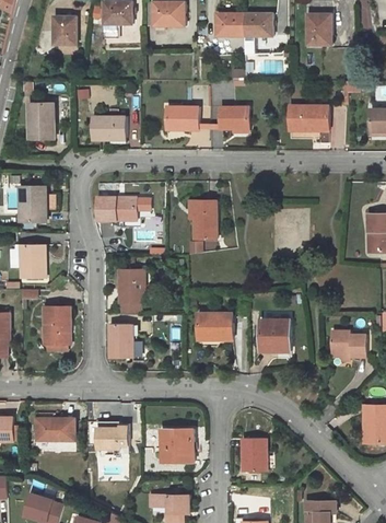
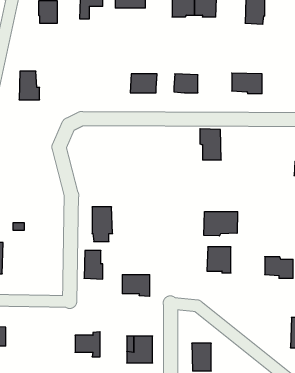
building: [91,116,126,142] -> none
building: [19,185,46,221] -> none
building: [95,196,134,219] -> none
building: [189,199,215,237] -> [200,129,221,160]
building: [16,244,44,278] -> none
building: none -> [204,212,238,236]
building: [43,306,69,342] -> none
building: [197,313,231,339] -> [122,275,150,296]
building: [36,417,73,439] -> none

